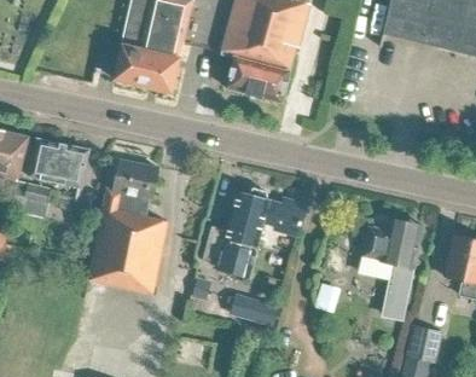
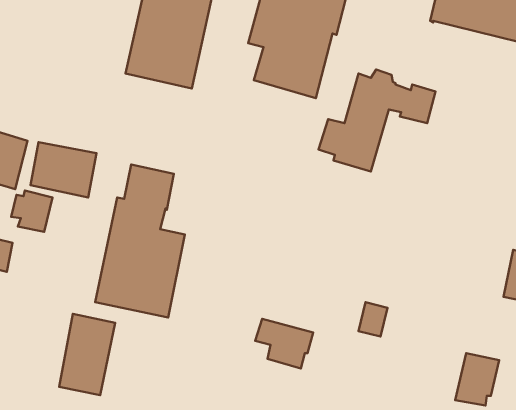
building: [203,187,306,277] -> [318,69,436,171]
building: [358,219,423,320] -> none
building: none -> [59,314,115,395]

